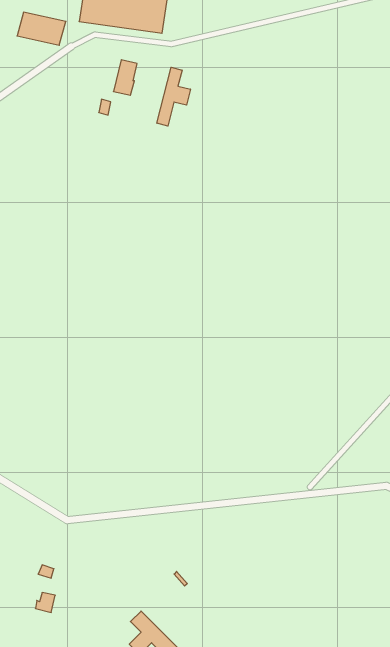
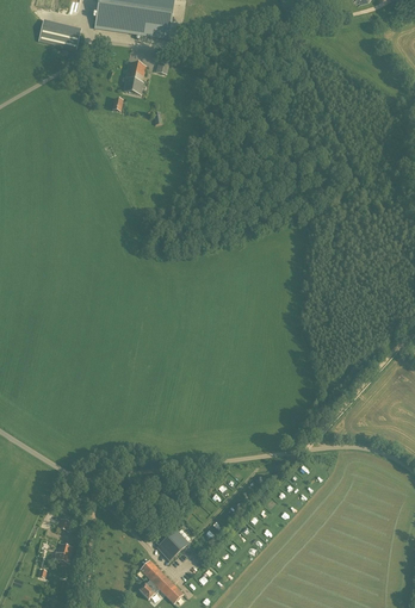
building: [157,67,190,126] -> none
building: none -> [155,525,188,559]

